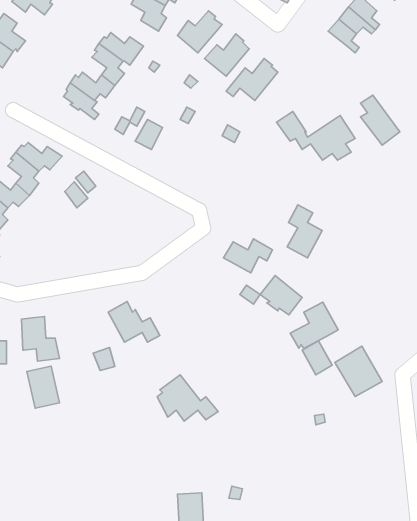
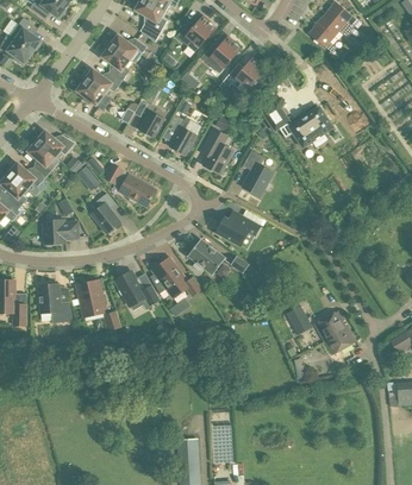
building: none -> [169,116,200,153]
building: none -> [199,127,232,174]
building: none -> [105,164,155,206]
building: [287,205,322,258] -> [241,150,271,196]
building: none -> [90,193,120,233]
building: none -> [42,219,77,246]
building: [260,276,302,315] -> [187,239,224,273]
building: [290,302,338,349] -> none
building: [27,366,59,408] -> [76,279,105,316]
building: [157,375,218,421] -> [149,257,202,297]

